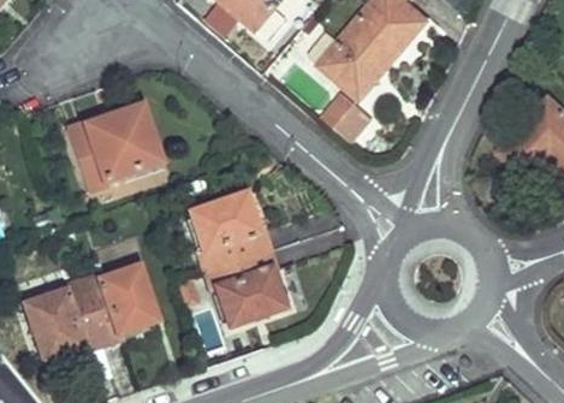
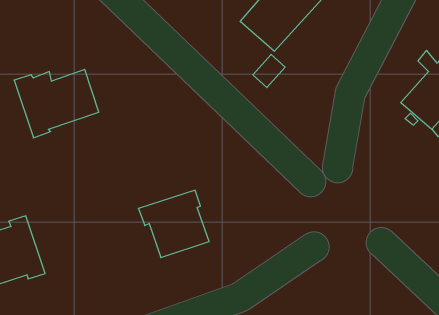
building: [191,194,269,271] -> none
building: [79,265,158,344] -> none

